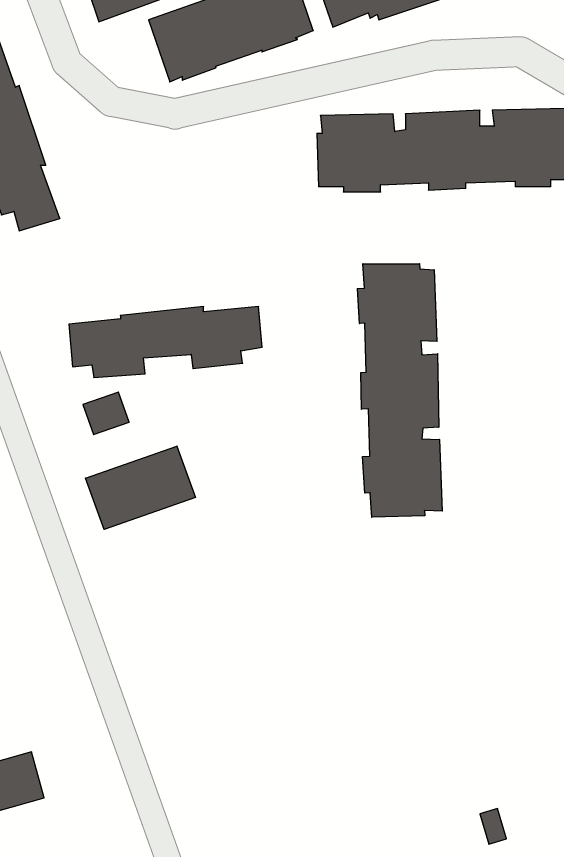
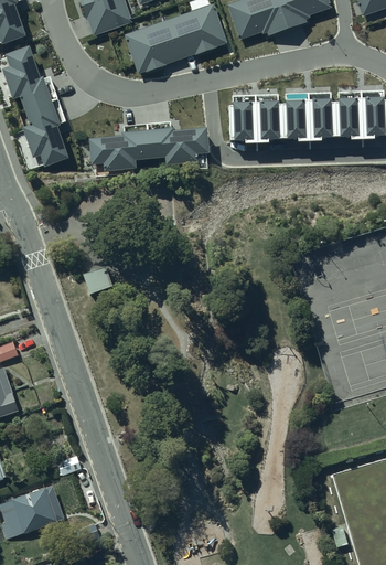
building: [357,264,442,517] -> none
building: [69,307,262,377] -> [89,127,210,171]
building: [85,446,196,529] -> none

